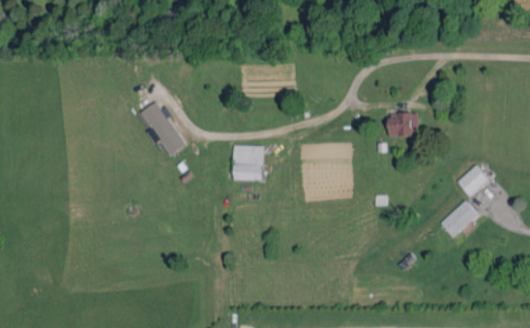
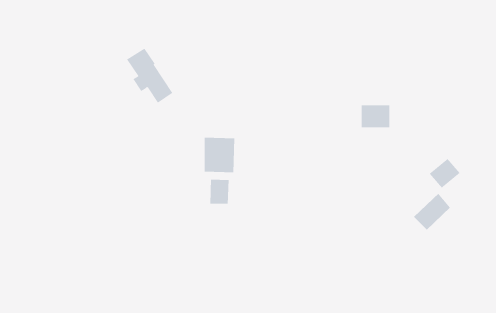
building: [140,100,186,155] -> [126,48,173,103]
building: none -> [210,179,229,205]

